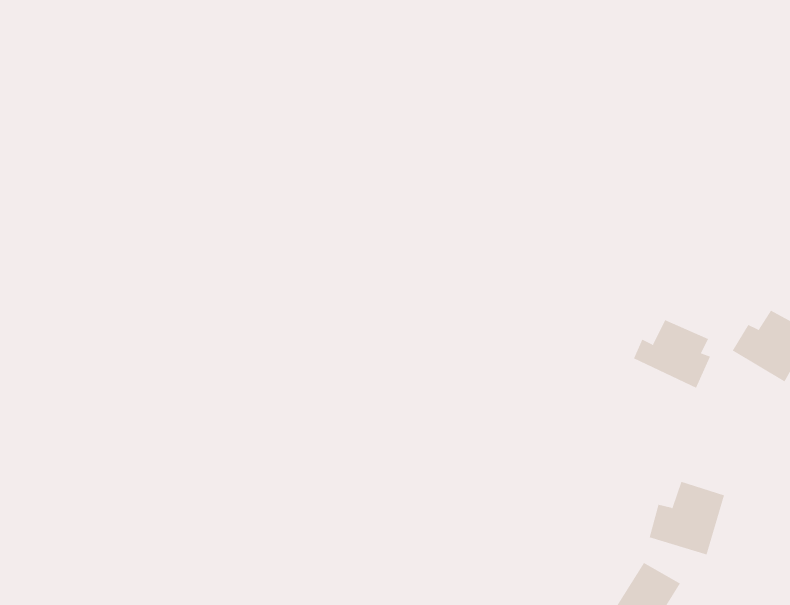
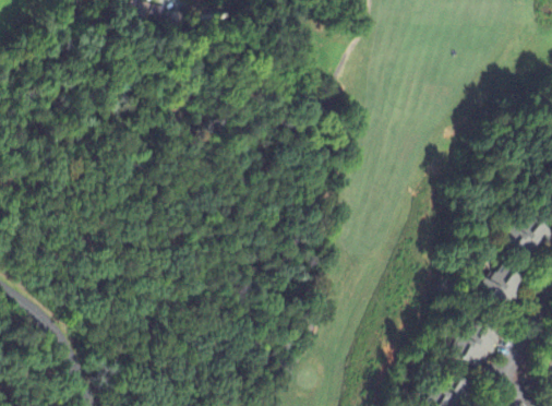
building: [633,320,711,388] -> [479,263,527,306]

